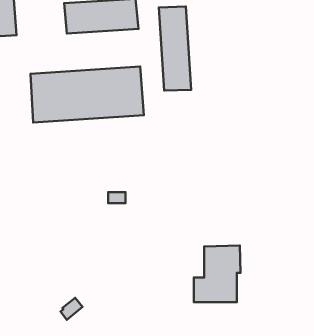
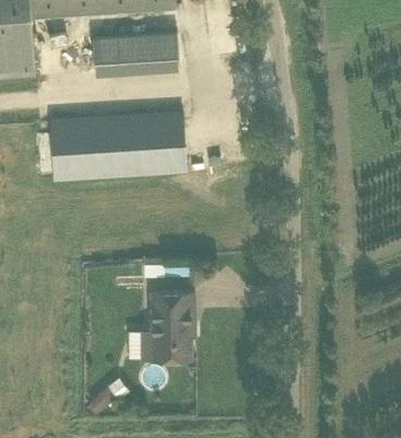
building: [159,7,191,91] -> none
building: [194,245,241,302] -> [139,288,194,356]

